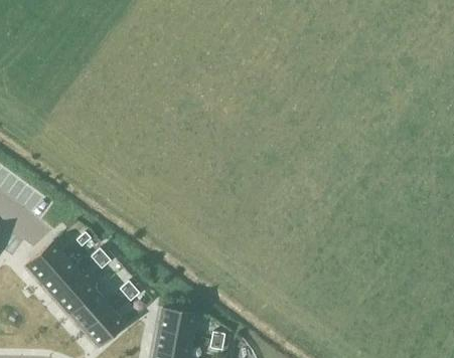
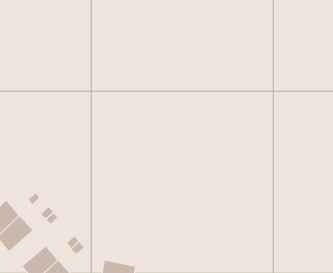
building: [54,275,96,315] -> none

